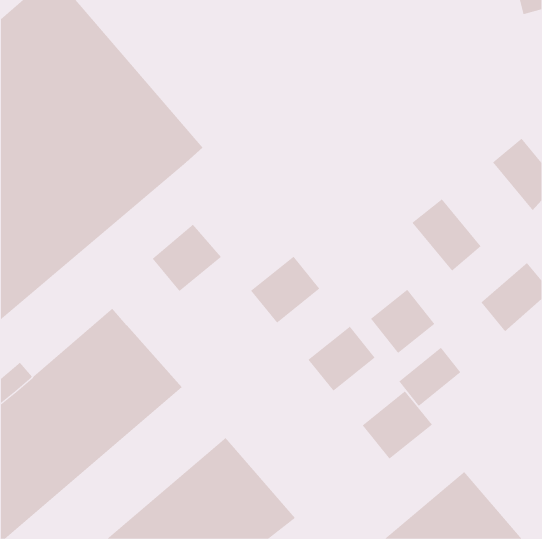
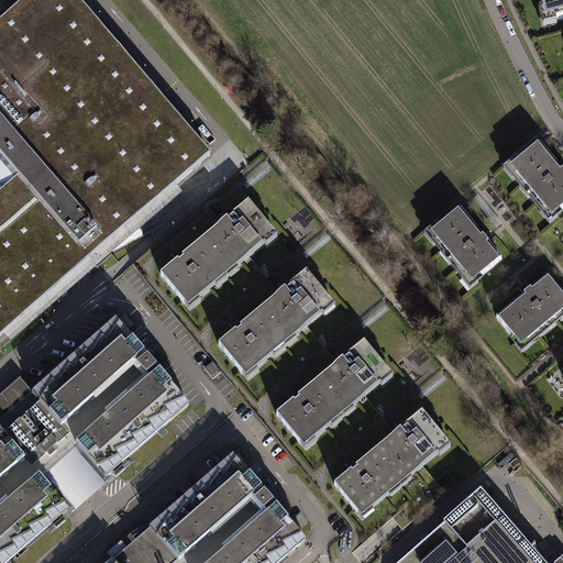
building: none -> [200,195,274,266]
building: [370,289,435,354] -> none
building: none -> [214,301,287,373]
building: [398,347,461,407] -> none
building: none -> [274,373,345,441]
building: none -> [330,441,404,512]

